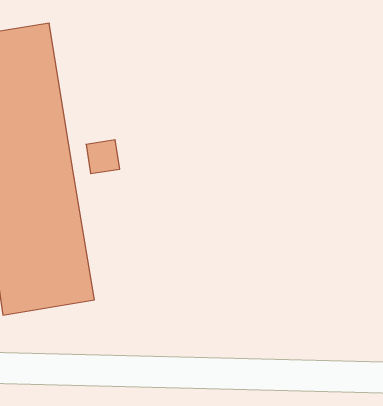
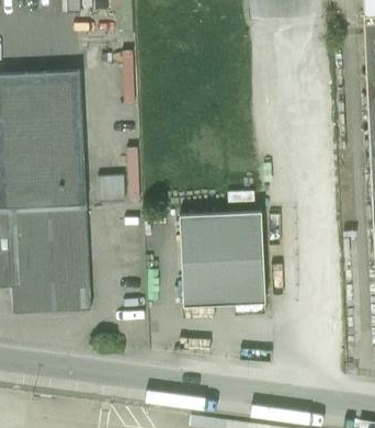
building: none -> [181,211,266,306]

